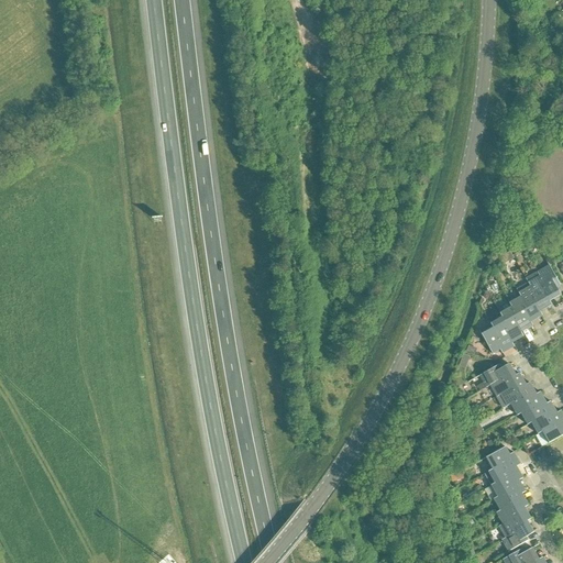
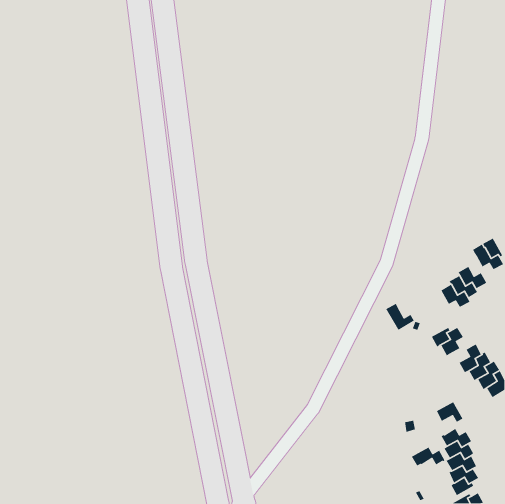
building: [515,282,550,310] -> none
building: [477,322,510,353] -> [385,303,415,331]
building: [496,372,525,407] -> none
building: [483,462,521,484] -> [411,447,446,466]

